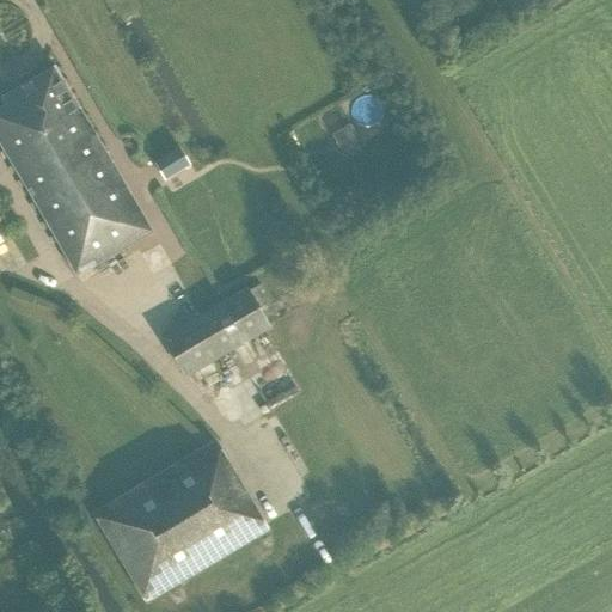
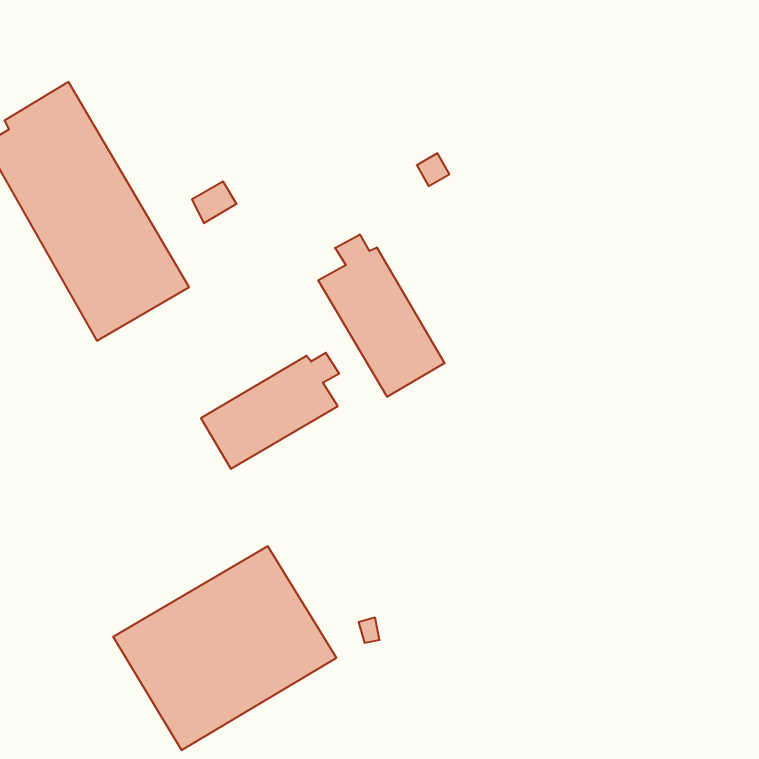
building: none -> [318,234,445,397]

